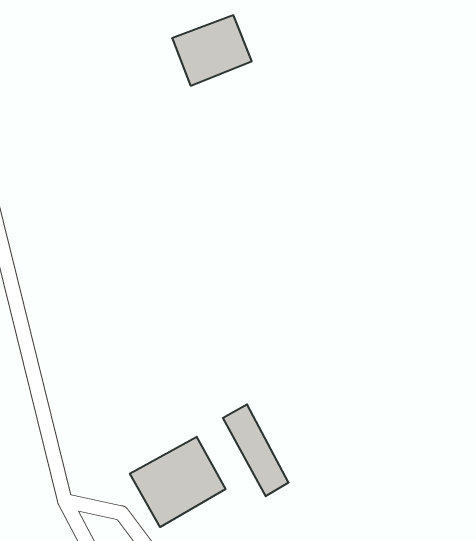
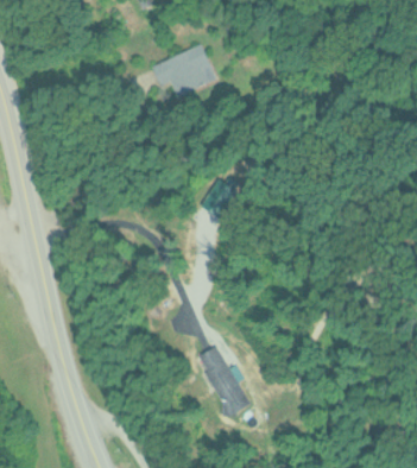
building: [130,437,225,527] -> none

